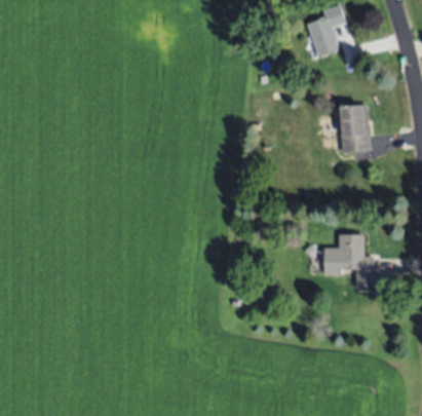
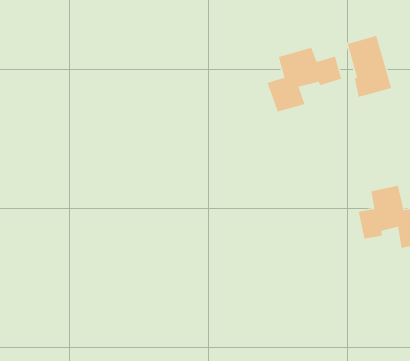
building: none -> [267,47,342,113]

